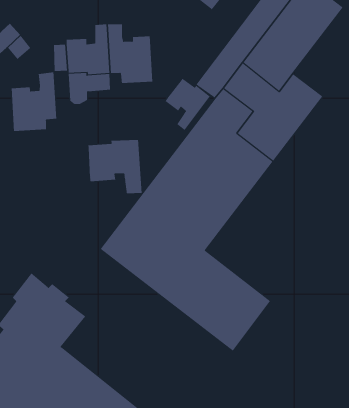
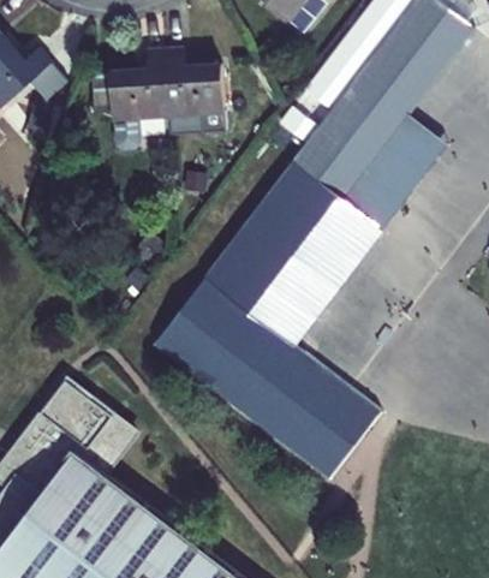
building: [11,72,57,132] -> none
building: [165,78,210,131] -> none
building: [88,139,142,194] -> none

